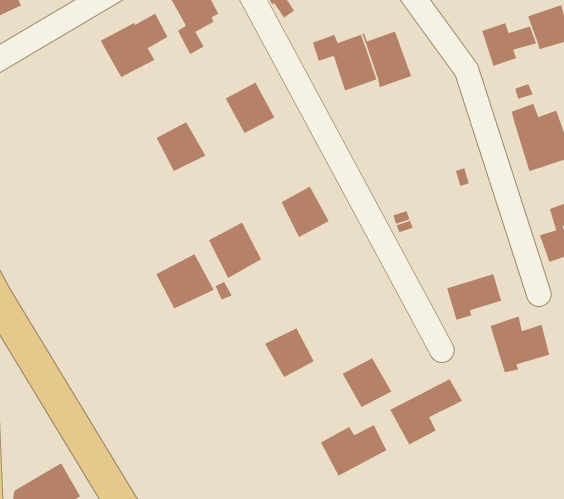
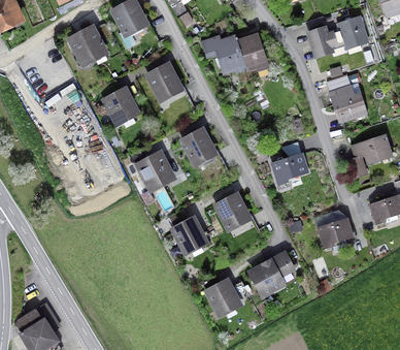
building: [155,253,215,310] -> none
building: [446,273,502,321] -> [272,154,307,184]
building: [341,357,392,408] -> [216,195,248,227]

